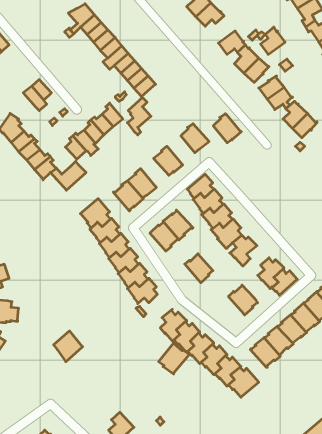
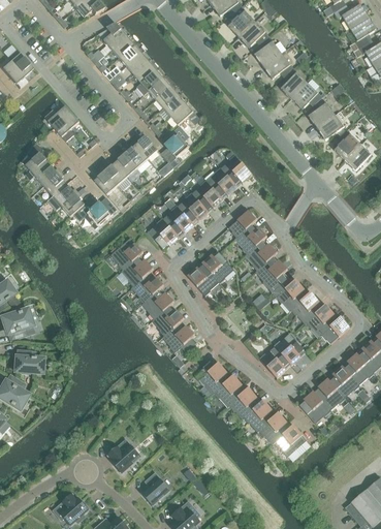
building: [261,27,285,54] -> [254,36,281,66]
building: [213,114,241,143] -> [207,167,237,199]
building: none -> [178,192,209,224]
building: none -> [291,290,319,324]
building: [185,254,213,283] -> [259,346,290,378]
building: [54,331,83,362] -> [107,439,139,473]
building: [159,343,189,374] -> none

